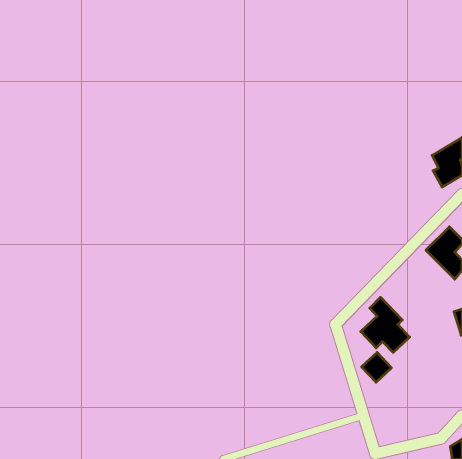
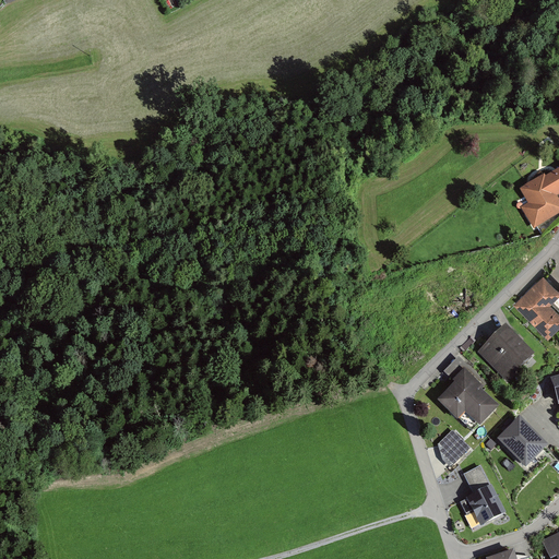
building: none -> [480,328,530,378]
building: none -> [496,417,546,468]
building: none -> [463,466,502,523]

